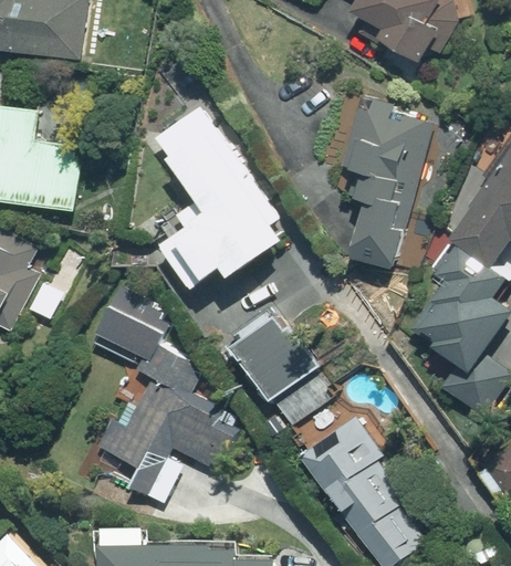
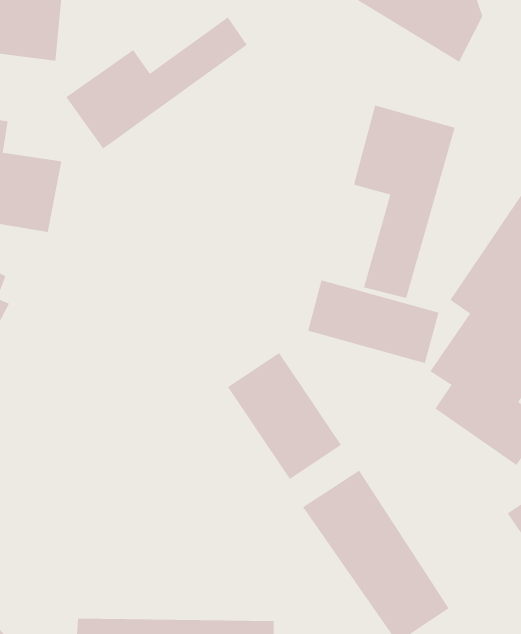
building: none -> [65,16,247,150]
building: [155,105,291,287] -> none
building: none -> [307,279,439,364]
building: [95,284,240,475] -> none

